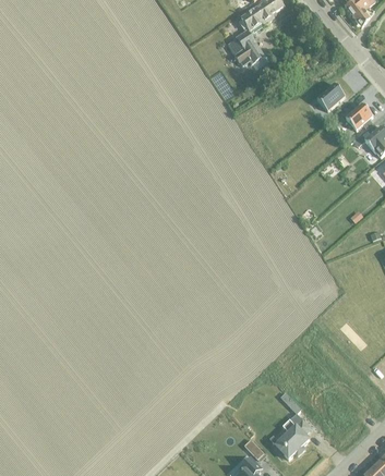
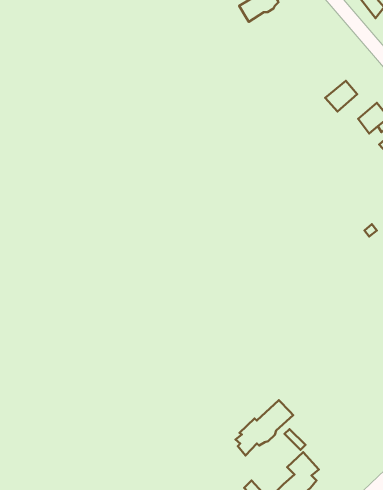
building: [227,27,262,65] -> none
building: none -> [236,400,293,455]

